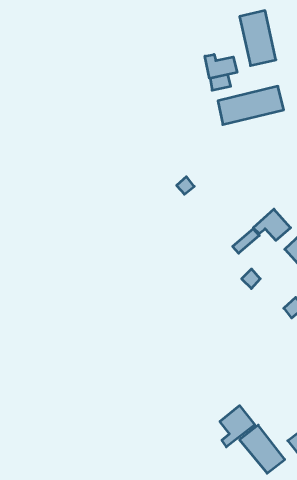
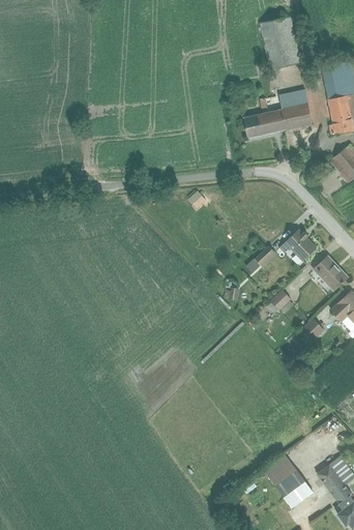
building: [205,54,237,78] -> none
building: [220,406,255,447] -> none

